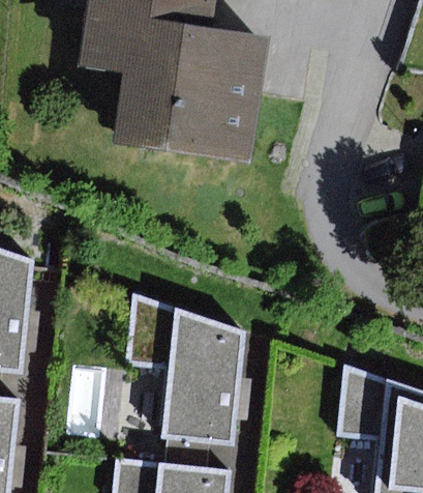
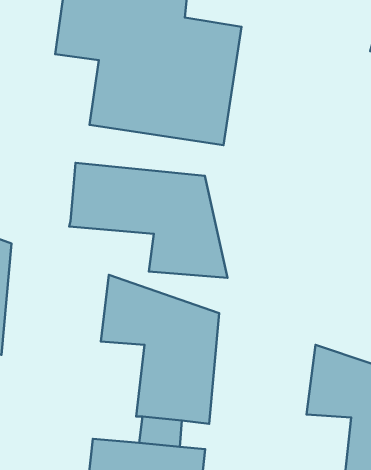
building: none -> [69,163,227,278]

